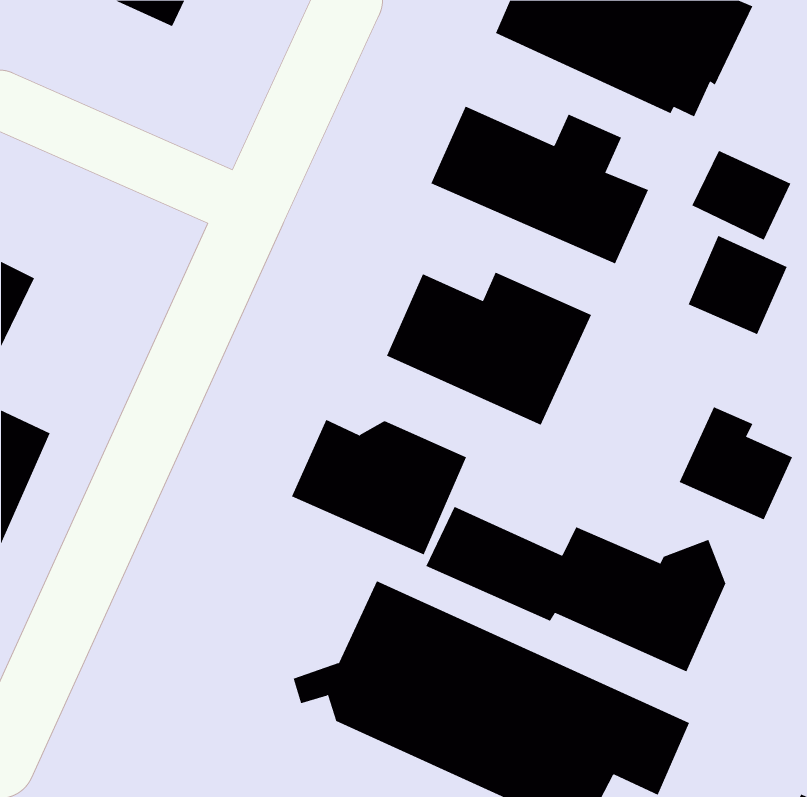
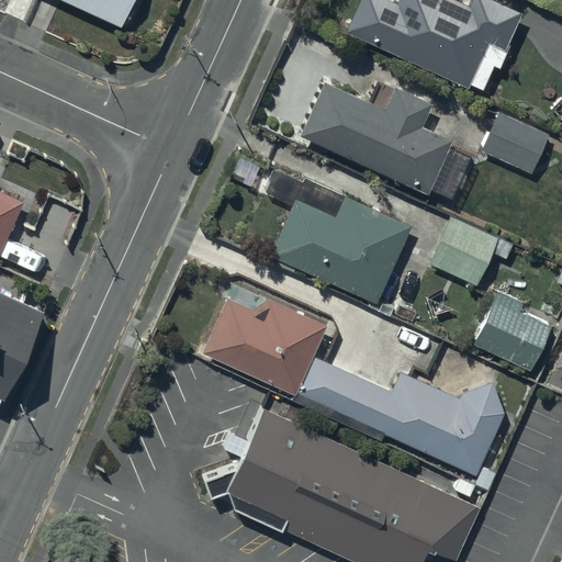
building: [688,235,788,335] -> [429,216,498,285]

